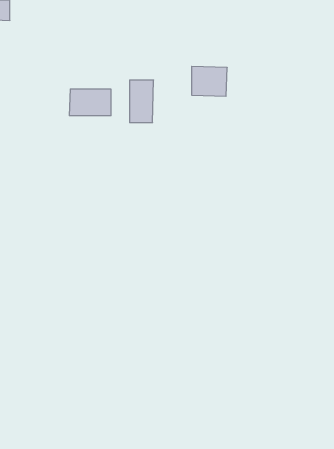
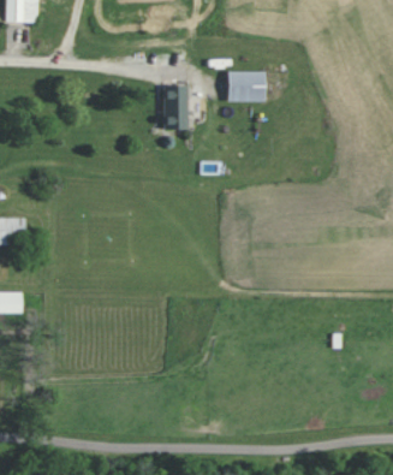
building: [69,89,111,116] -> none

